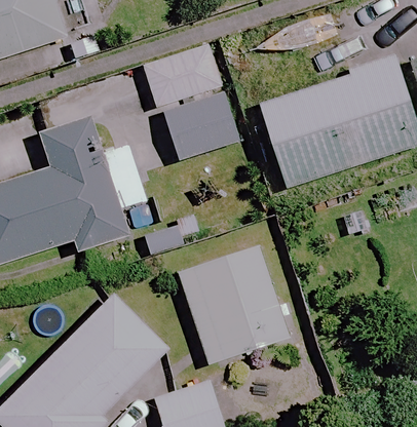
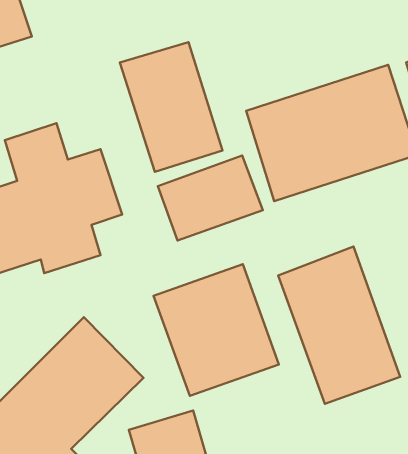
building: none -> [158,156,263,241]
building: none -> [278,247,400,404]

